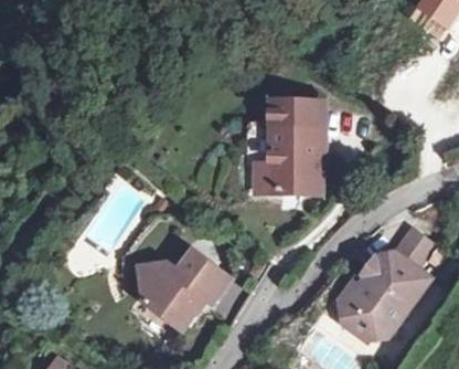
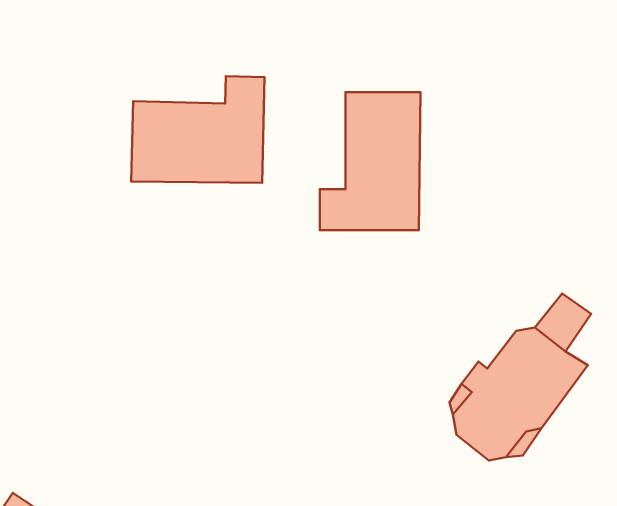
building: none -> [131,76,265,183]
building: [140,251,228,328] -> none

